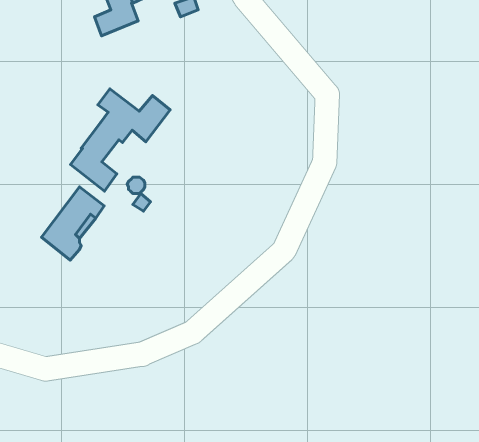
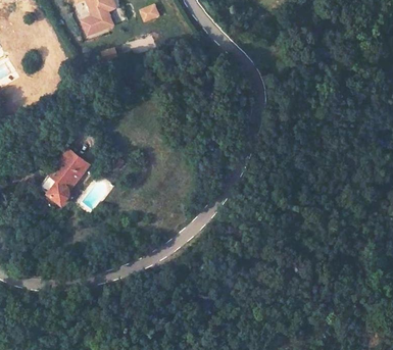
building: [71,89,170,191] -> none

